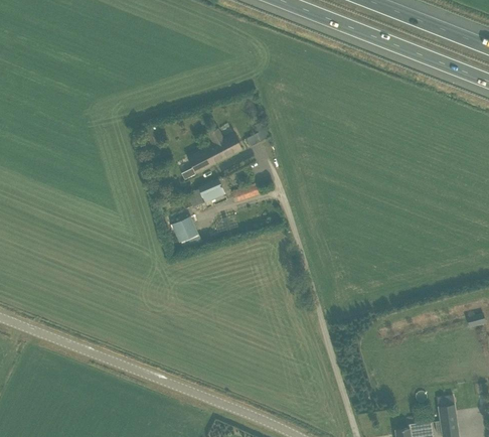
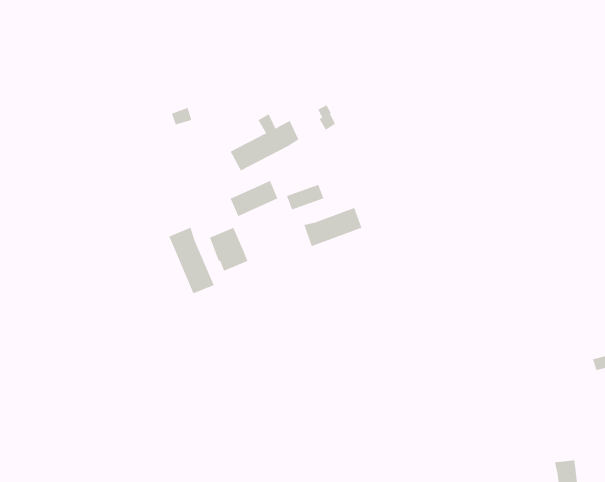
building: none -> [304,207,362,247]
building: none -> [168,227,214,294]

